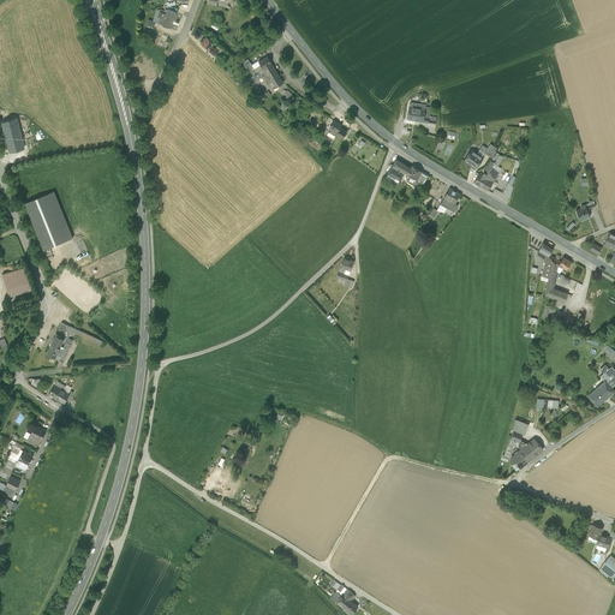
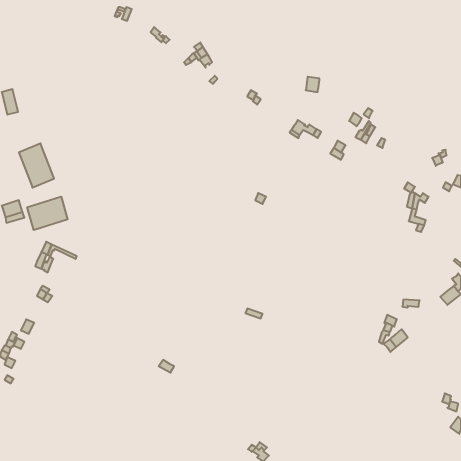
building: none -> [27,197,68,230]

